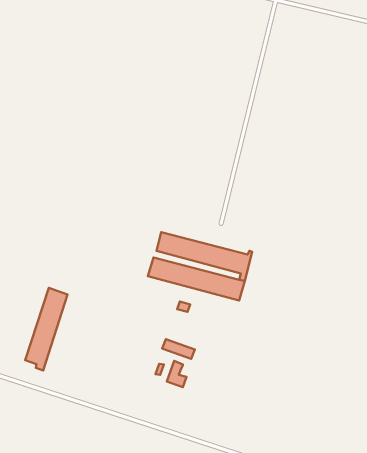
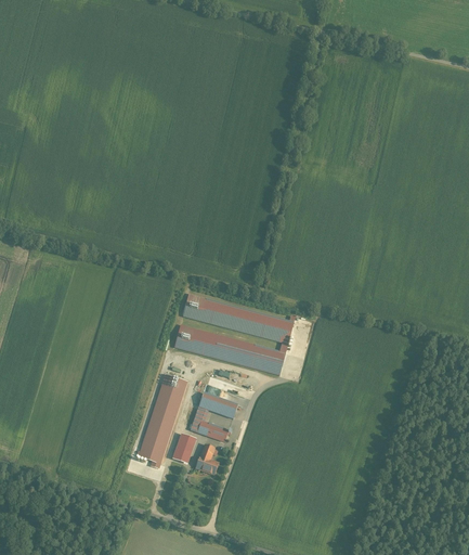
building: [25,288,68,371] -> [139,372,187,467]
building: none -> [195,391,238,421]

